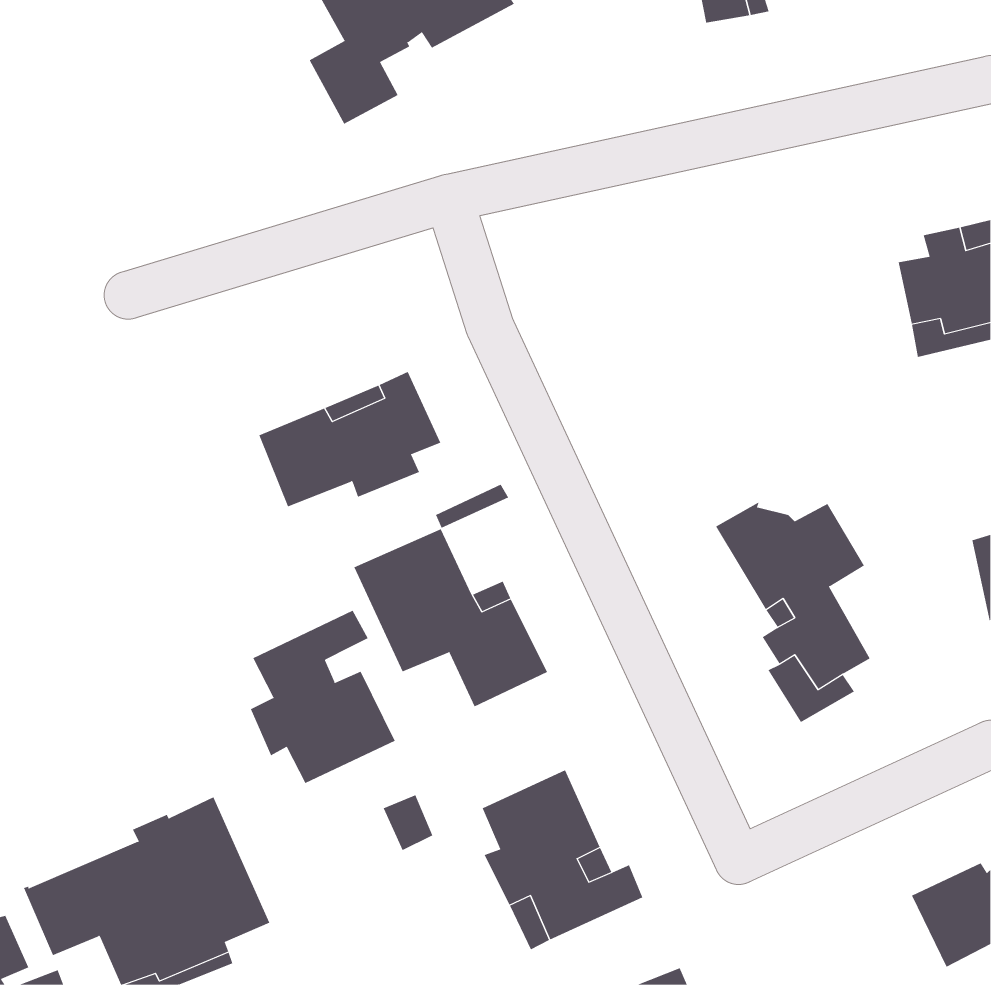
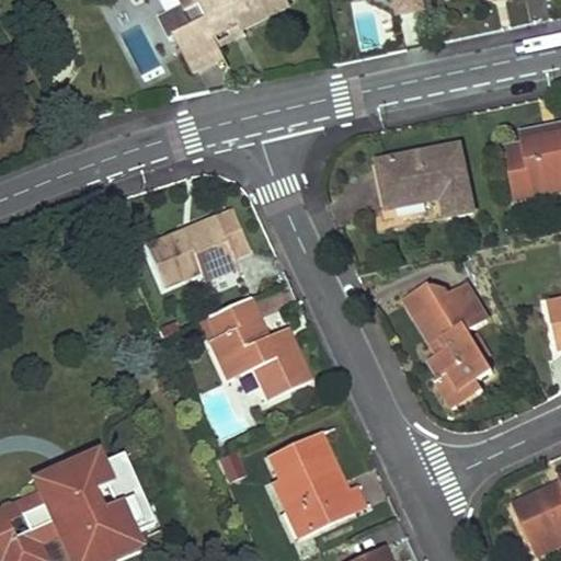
building: none -> [379,146,472,216]
building: [250,610,395,784] -> none

